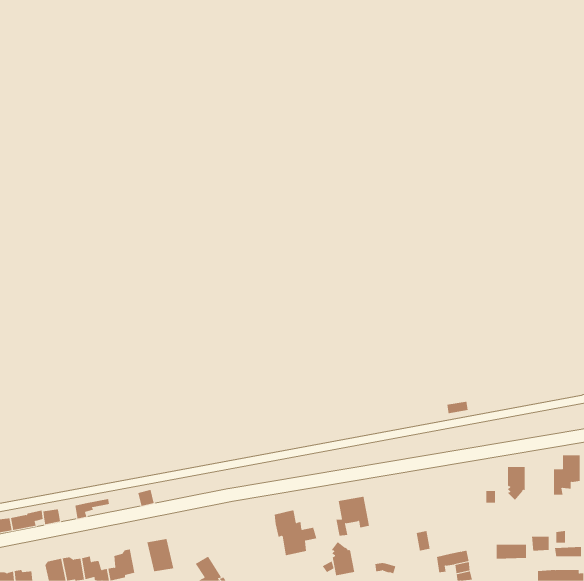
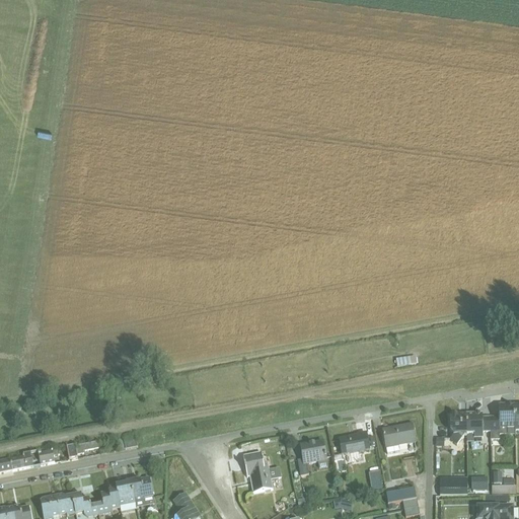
building: none -> [465,411,490,438]
building: none -> [381,423,415,453]
building: none -> [338,430,370,454]
building: [331,541,355,576] -> none
building: none -> [116,479,136,510]

